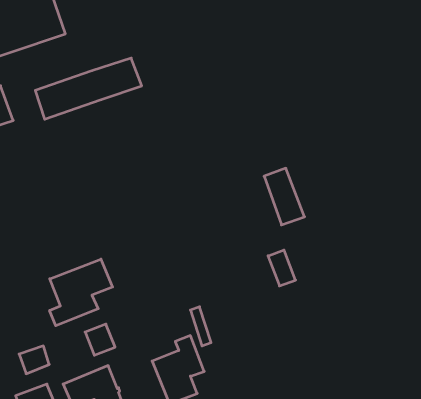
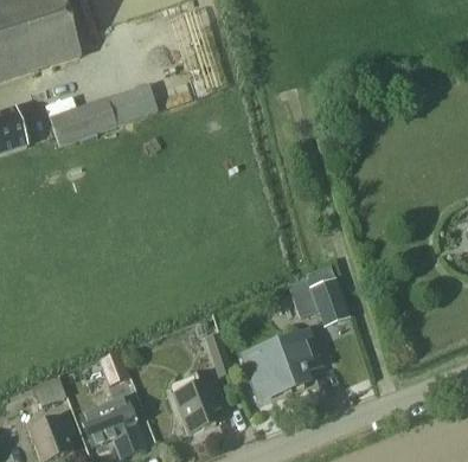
building: [264,168,305,225] -> [307,264,348,322]
building: [50,259,113,326] -> none
building: none -> [244,332,318,387]

